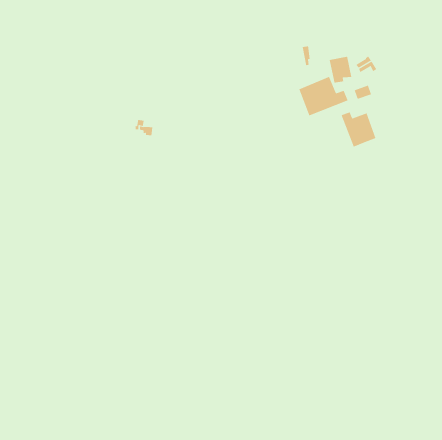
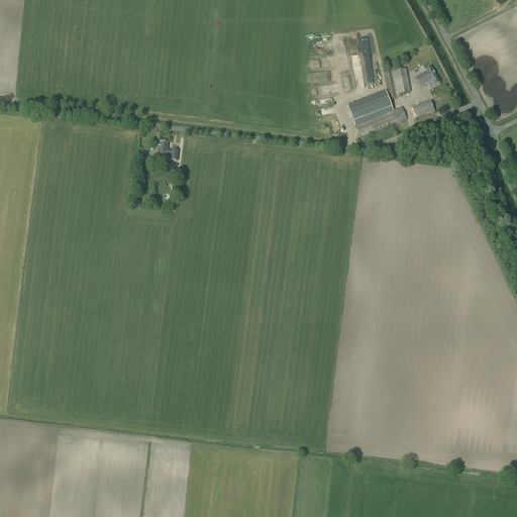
building: [341,112,376,147] -> none

